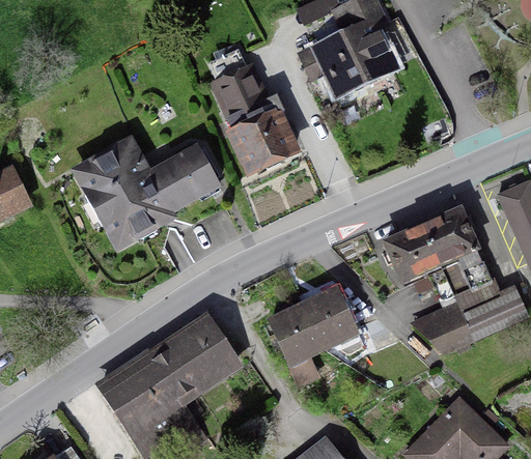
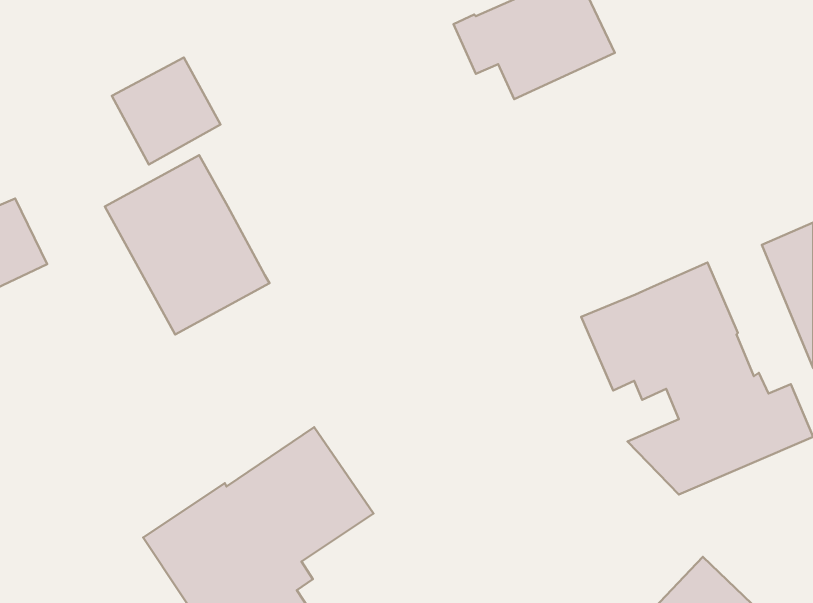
building: [207,48,302,179] -> none
building: [150,144,221,213] -> [112,57,221,165]
building: [267,286,361,389] -> none

